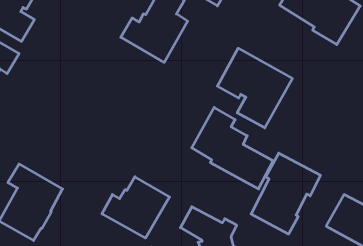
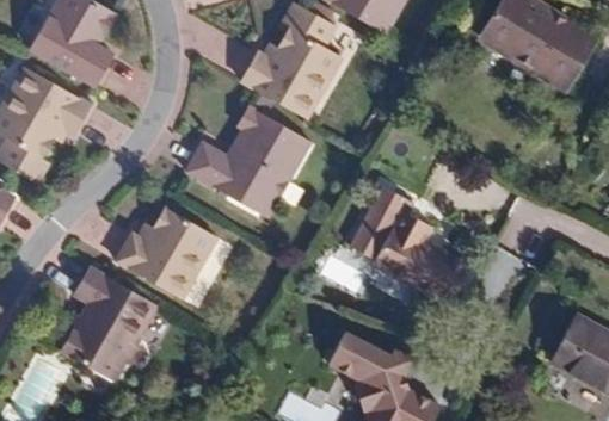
building: [217,48,292,128] -> none
building: none -> [185,105,310,217]
building: [251,153,320,234] -> none
building: [102,177,170,238] -> [116,206,216,297]

